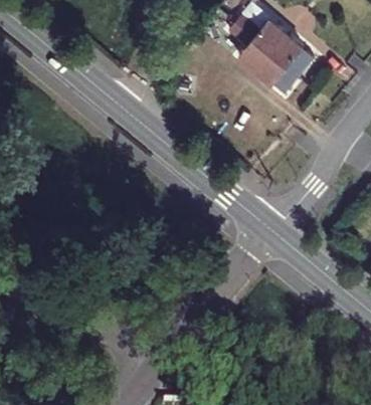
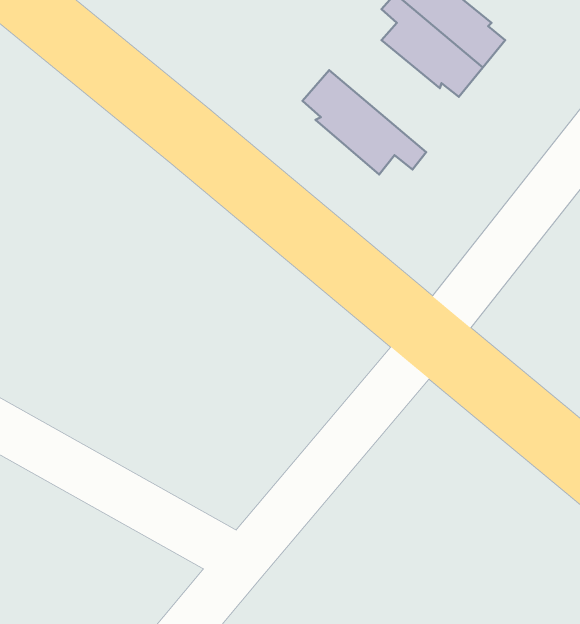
building: none -> [303,70,426,175]

